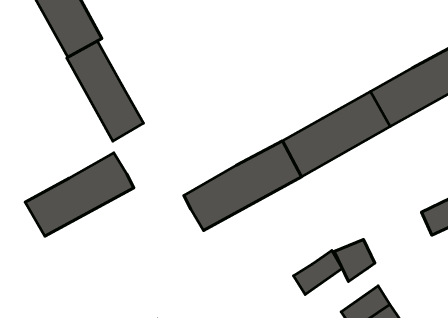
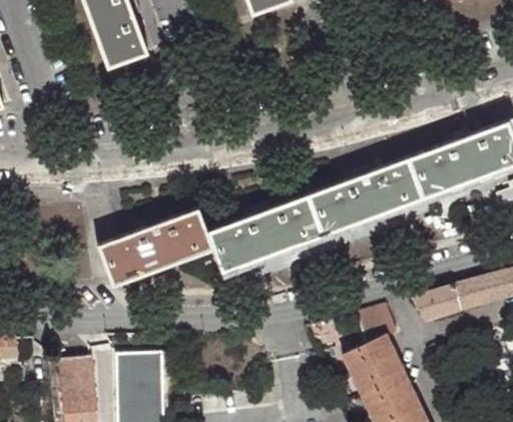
building: [67,41,143,141] -> none
building: [25,153,134,236] -> [100,207,214,283]
building: none -> [412,286,459,321]
building: [294,251,342,294] -> [345,335,396,376]

